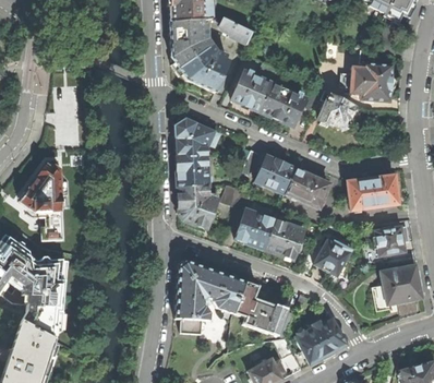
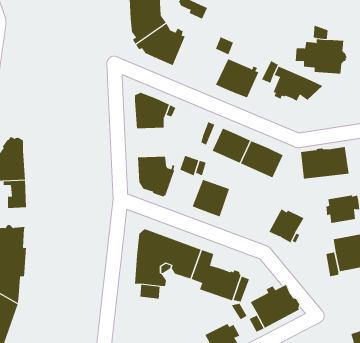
building: [231,69,272,110] -> none
building: [177,155,207,185] -> none
building: [264,218,303,258] -> none

